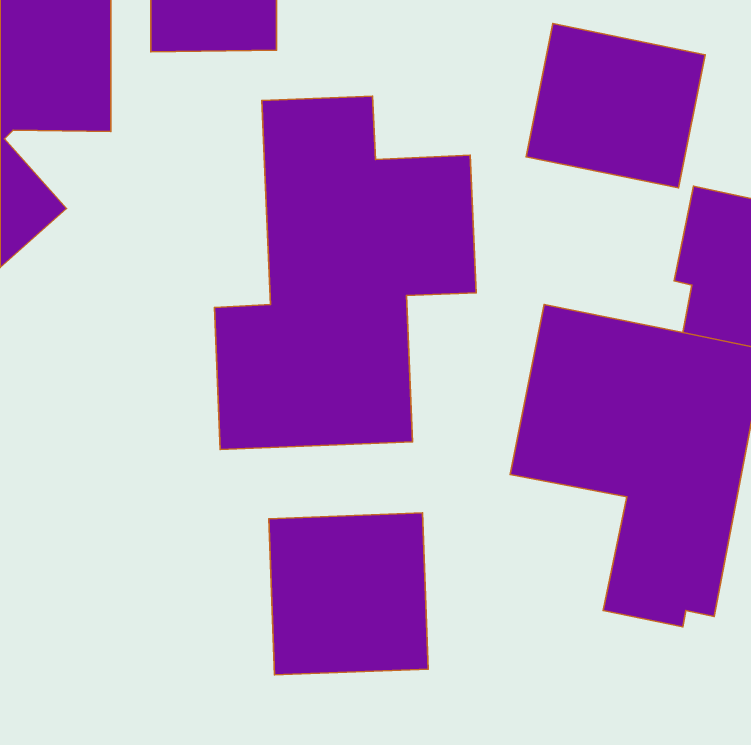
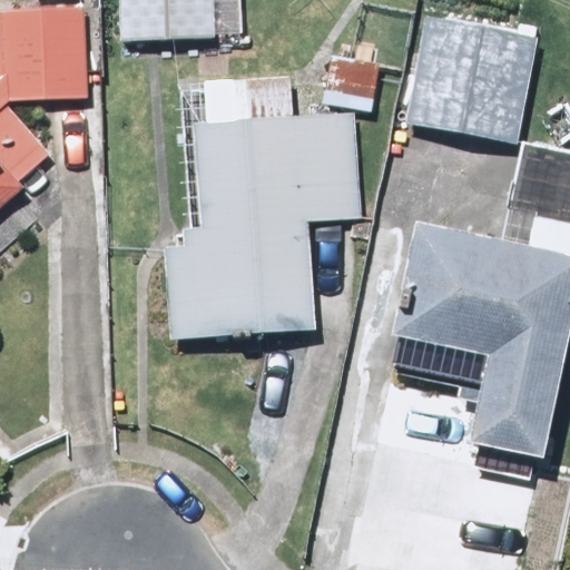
building: [269,513,428,675] -> none

